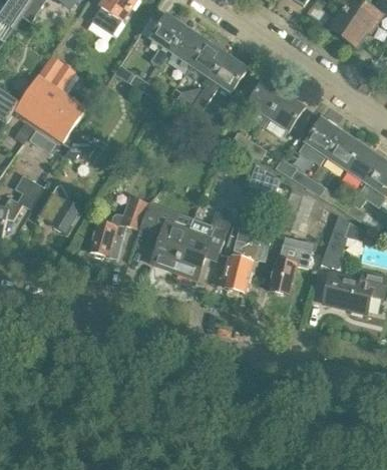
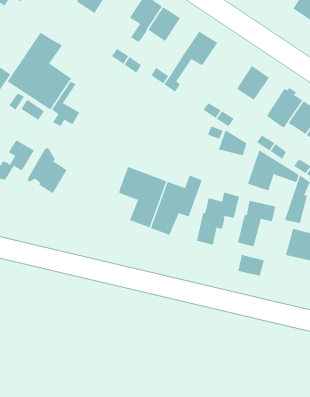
building: [189,37,227,78] -> none
building: [247,77,285,117] -> none
building: [88,196,147,258] -> none
building: none -> [238,254,264,277]

